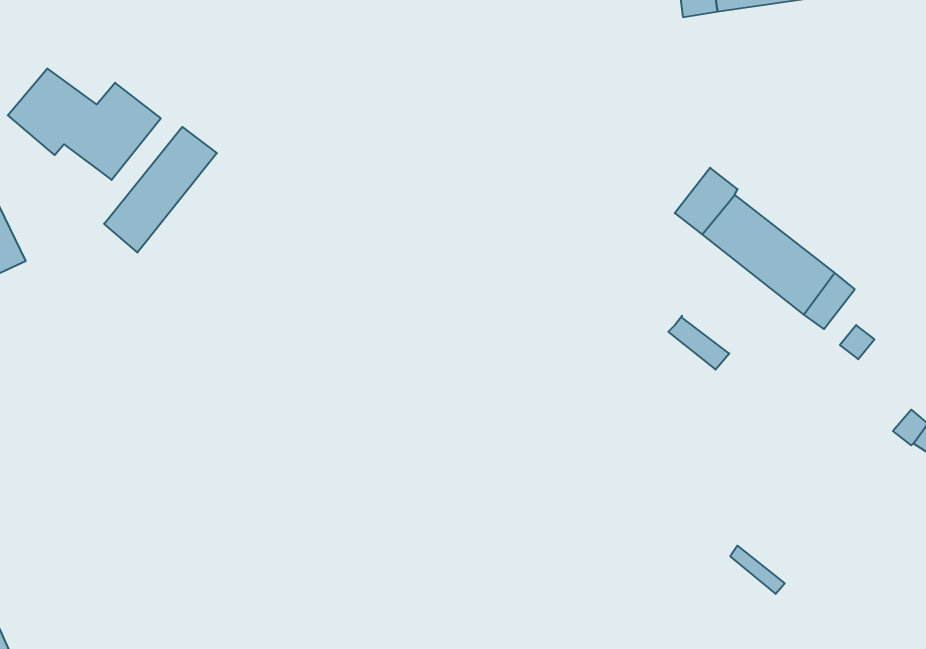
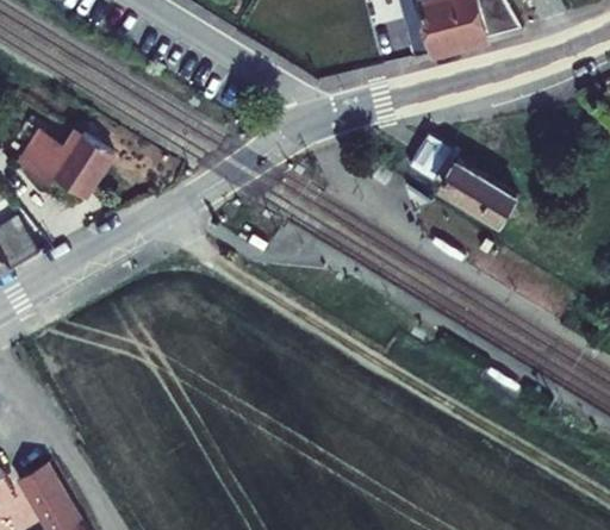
building: [104,127,217,253] -> none

